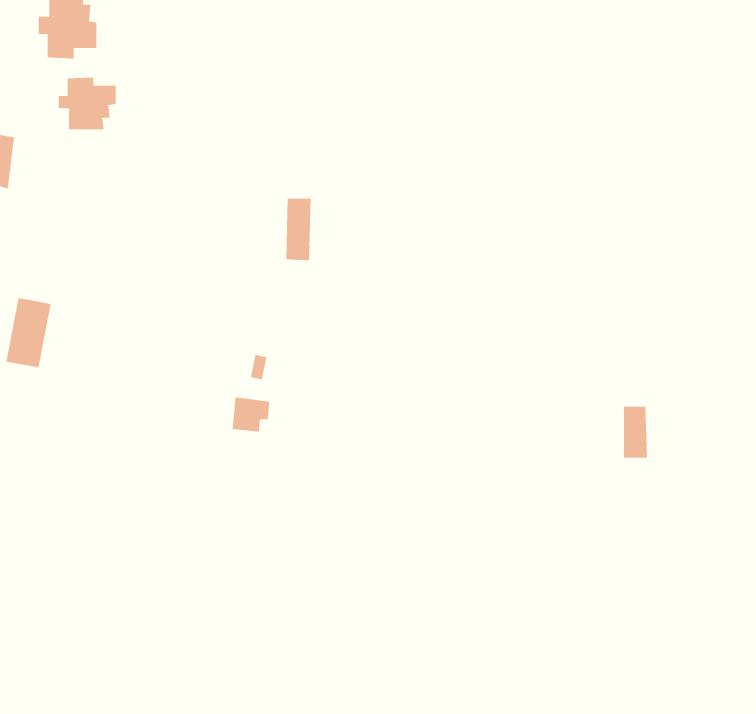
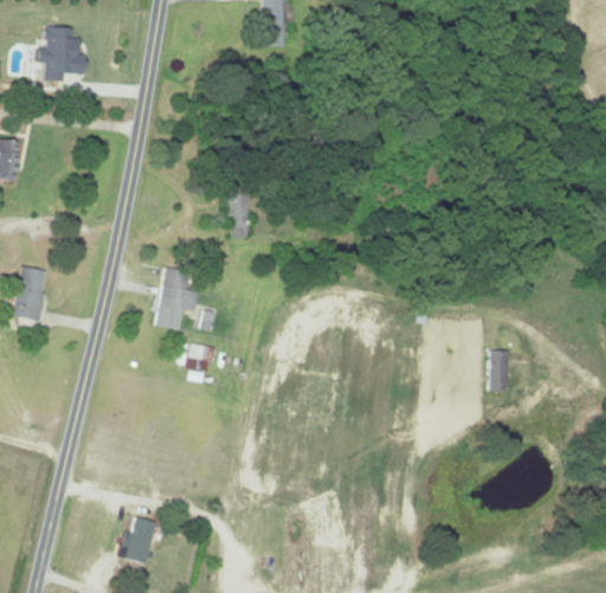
building: [58,77,116,130] -> none
building: none -> [155,268,198,330]
building: none -> [125,516,155,562]

